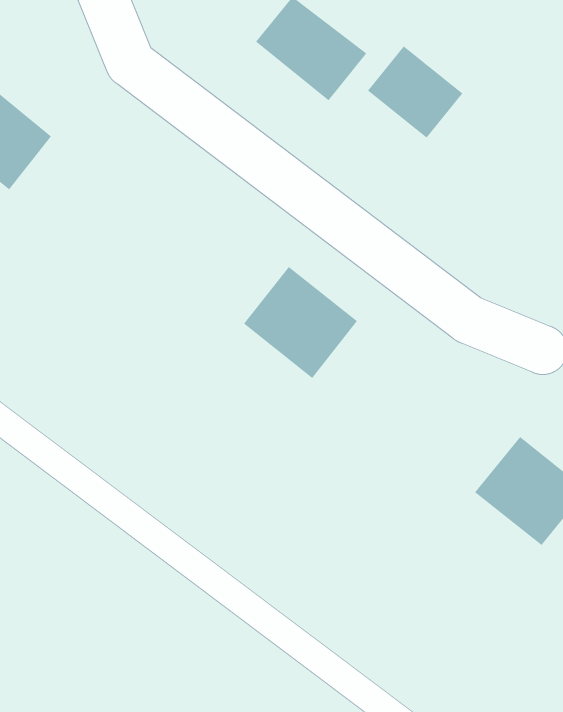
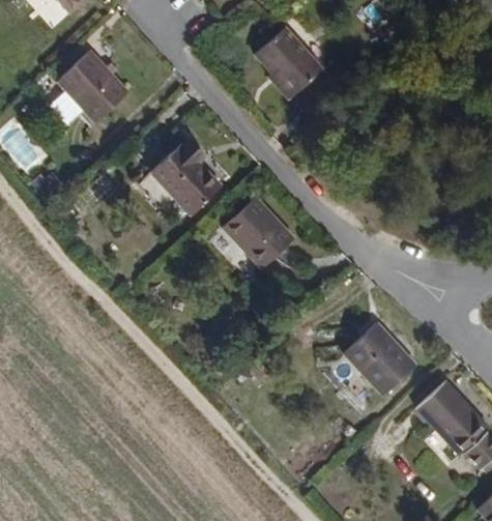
building: [367,45,463,138] -> none
building: none -> [151,142,219,215]

